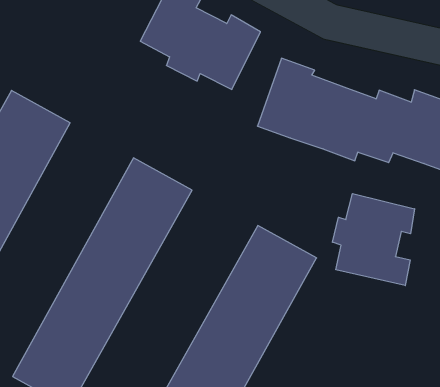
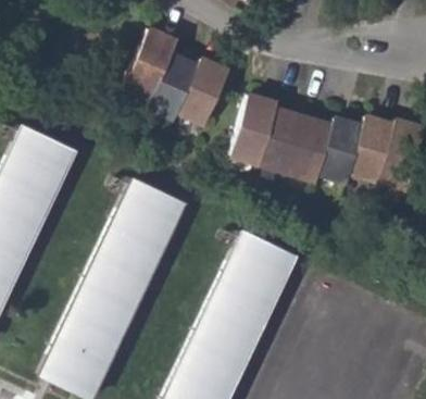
building: [332,194,415,286] -> none

